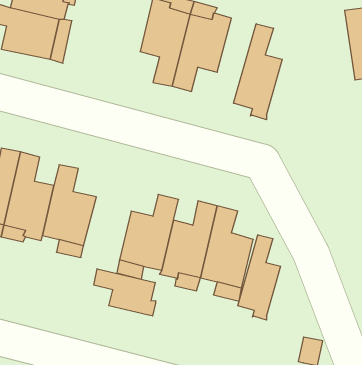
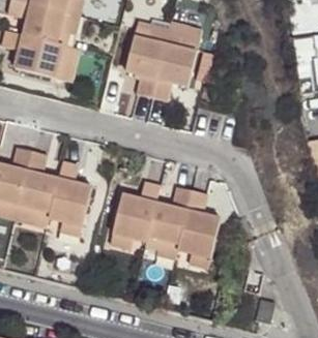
building: [234,24,282,120] -> none
building: [238,235,281,320] -> none
building: [94,269,155,316] -> none

